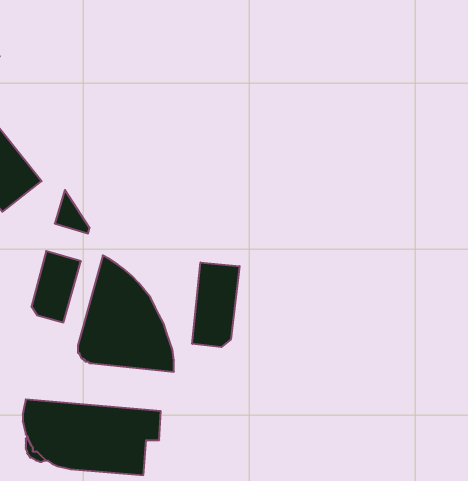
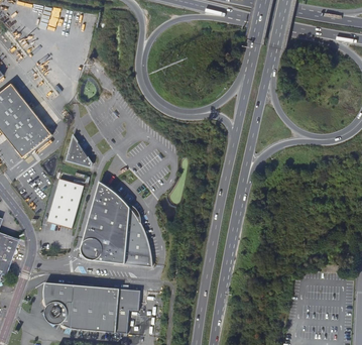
building: [192,262,240,347] -> none

